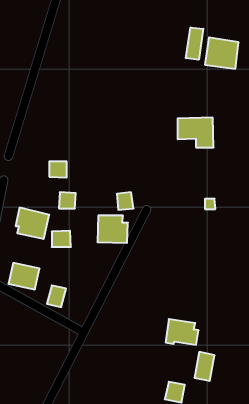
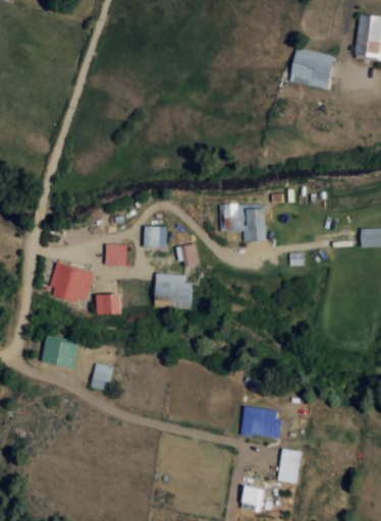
building: [186,27,203,60] -> none
building: [178,118,214,147] -> [220,204,266,241]
building: [49,161,67,178] -> [144,227,166,247]

